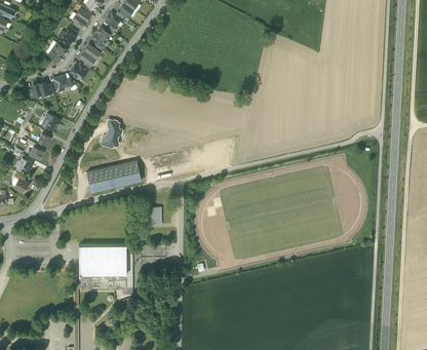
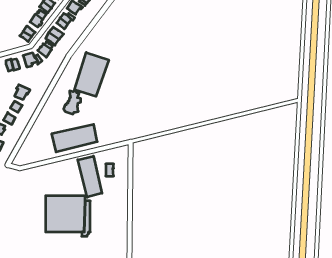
building: none -> [75,52,109,96]
building: none -> [78,156,102,197]

